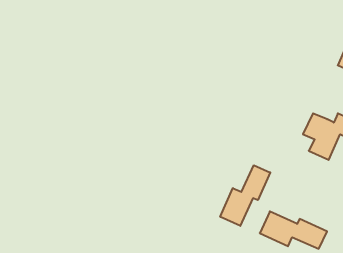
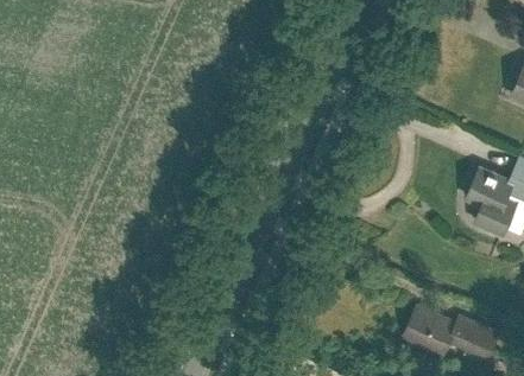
building: [220,165,270,226] -> none

